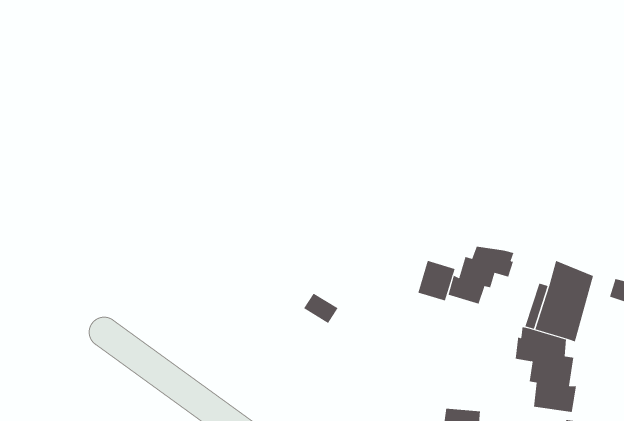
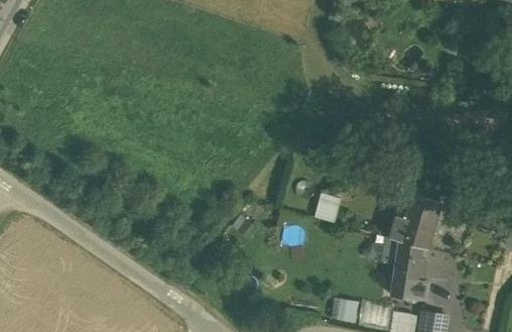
building: [448,246,514,305] -> none

